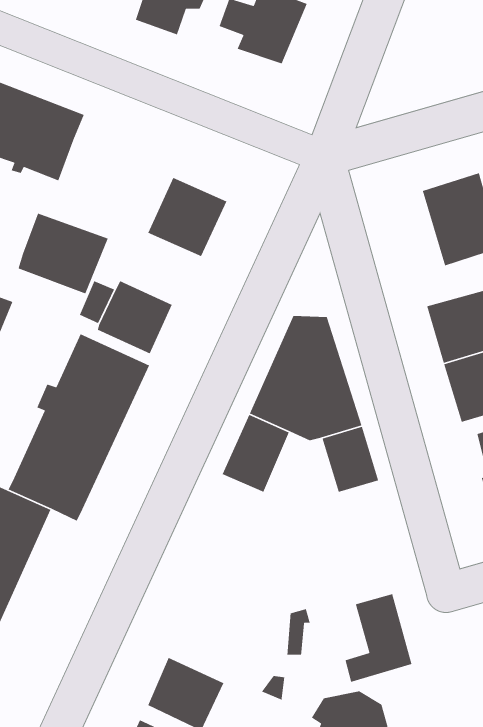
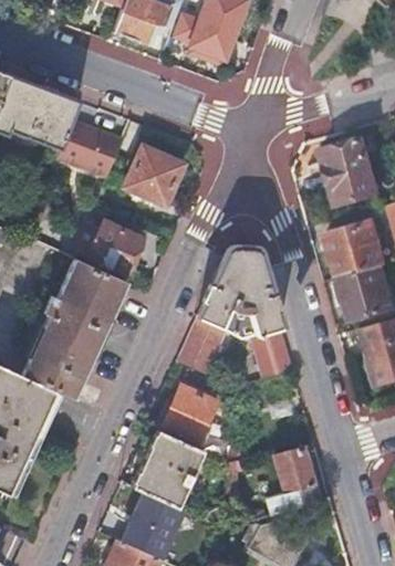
building: [18,212,109,295] -> [54,117,121,177]
building: none -> [160,384,215,442]
building: none -> [131,429,200,505]

